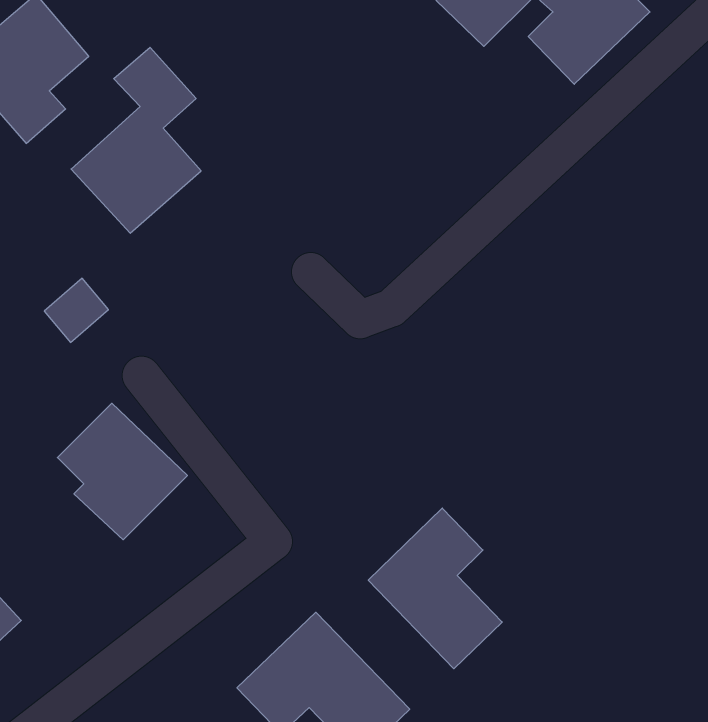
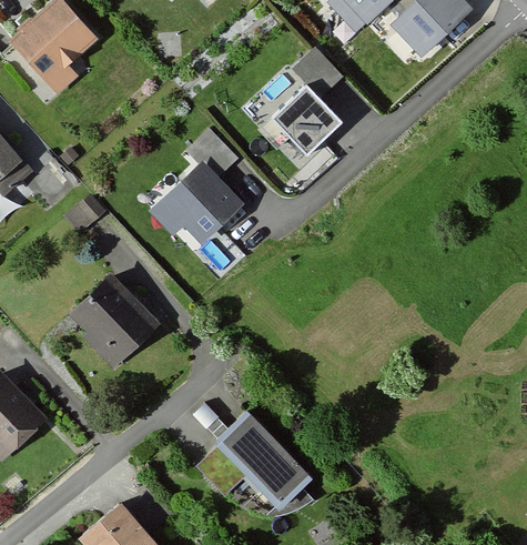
building: [71,47,201,233] -> [154,127,242,252]
building: none -> [260,43,346,159]
building: [368,508,502,669] -> none

